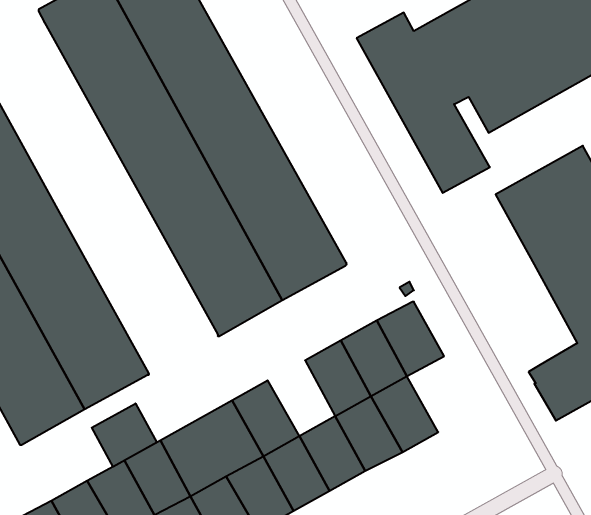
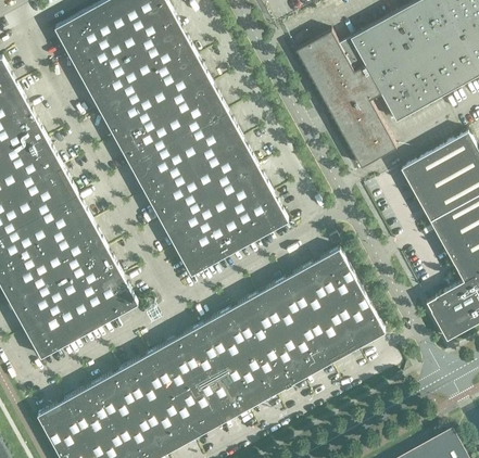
building: none -> [333,290,385,347]
building: none -> [228,293,279,351]
building: [92,403,157,467] -> none

